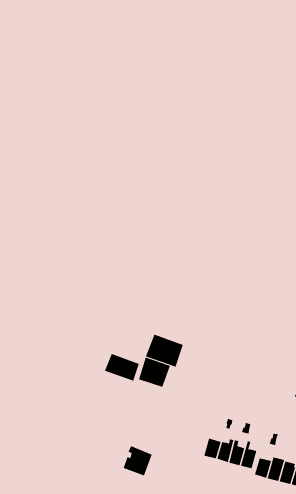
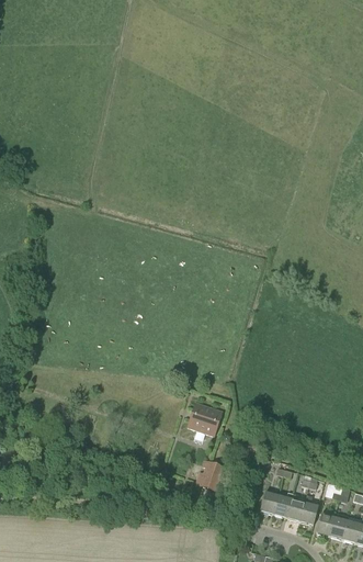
building: [145,334,183,367] -> none
building: [104,353,139,382] -> none
building: [123,445,153,476] -> [195,459,228,493]

